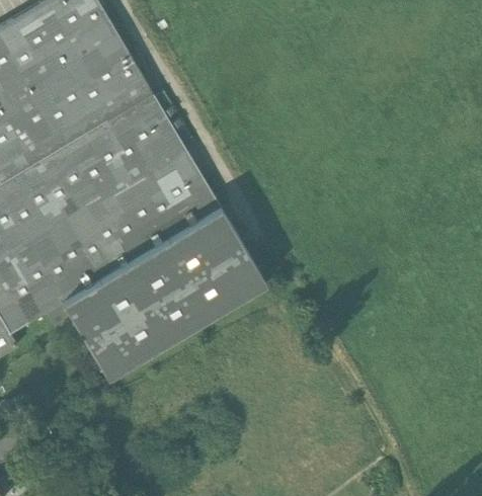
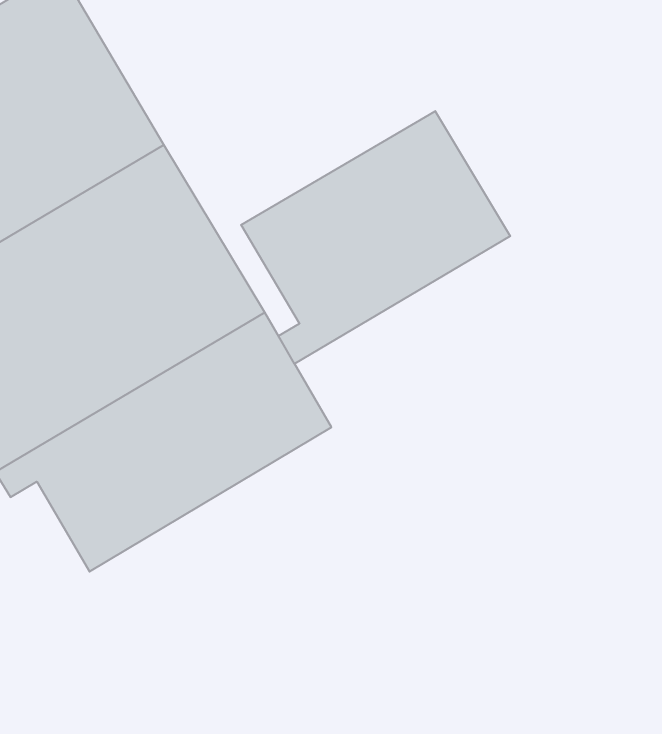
building: none -> [241,111,510,364]

